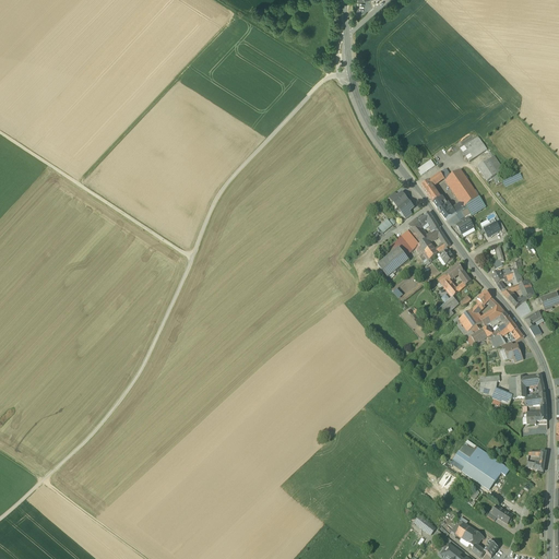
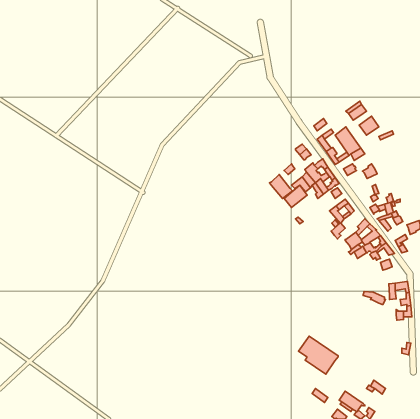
building: none -> [269,175,293,198]
building: [452,439,504,489] -> [299,336,338,374]

